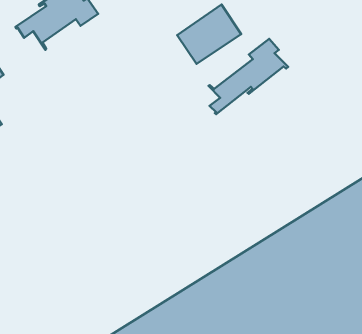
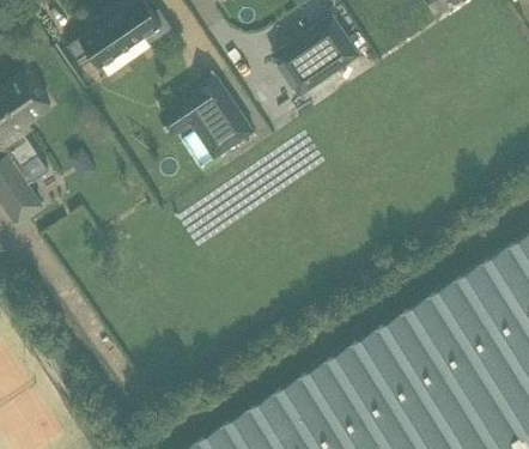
building: [208,39,288,114] -> none
building: none -> [163,73,256,162]

